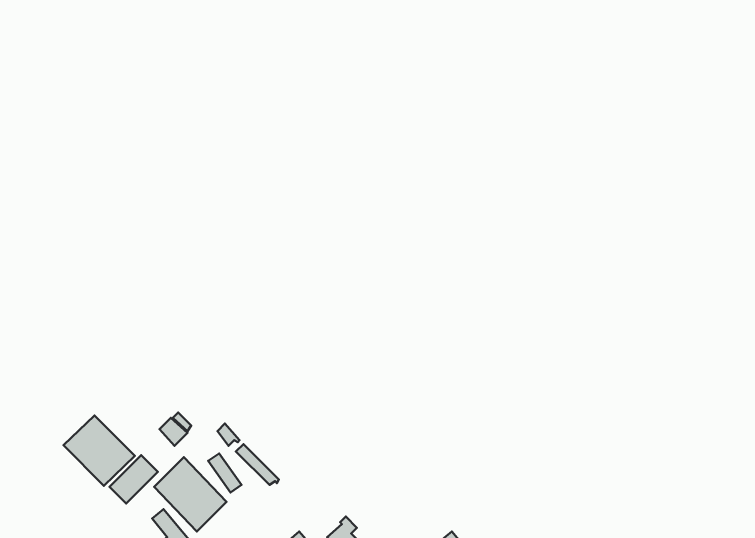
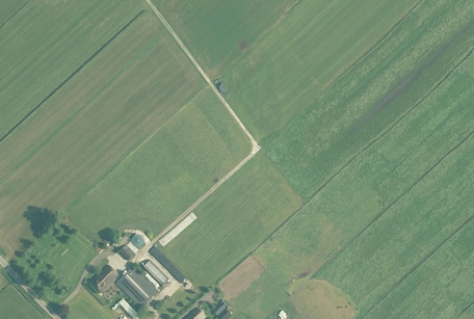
building: [63,415,135,486] -> none

